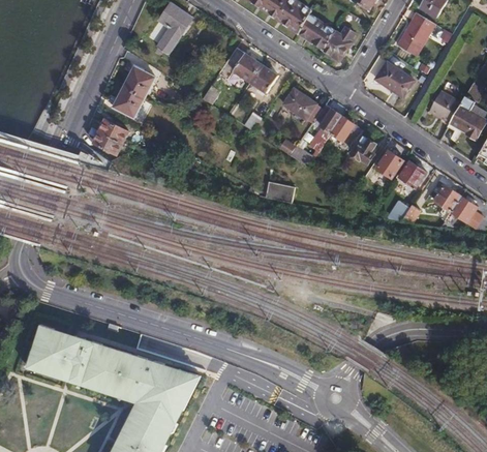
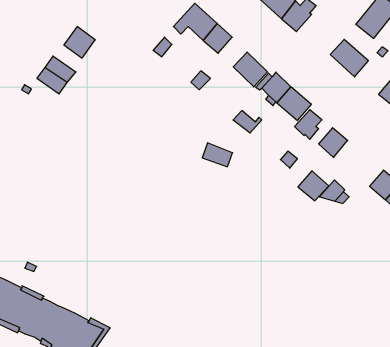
building: [124,66,154,96] -> none
building: [397,159,427,188] -> [298,171,329,201]

